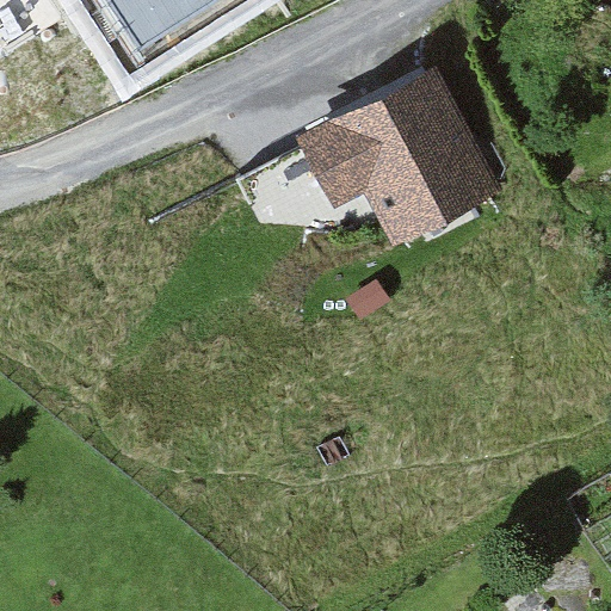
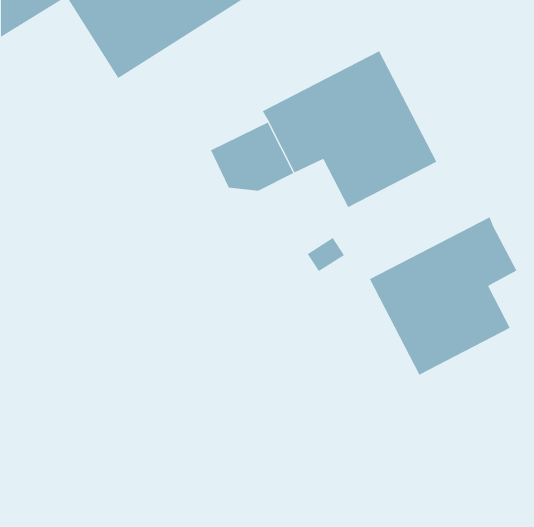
building: none -> [369,217,517,376]

